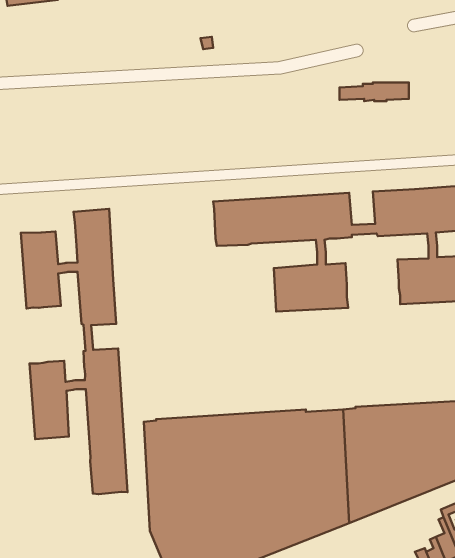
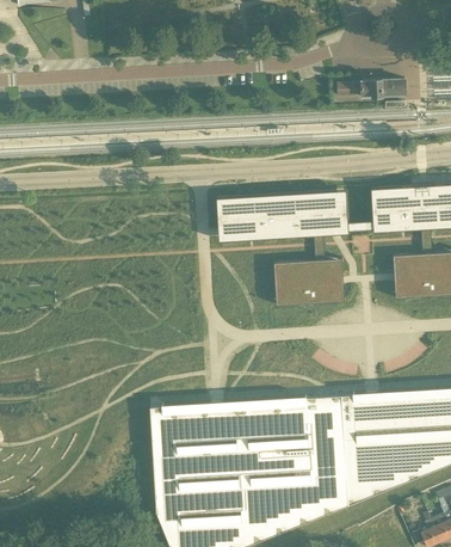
building: [21,209,127,494] -> none

